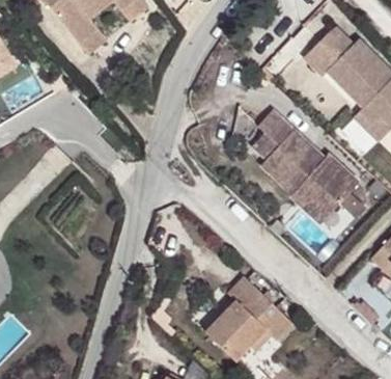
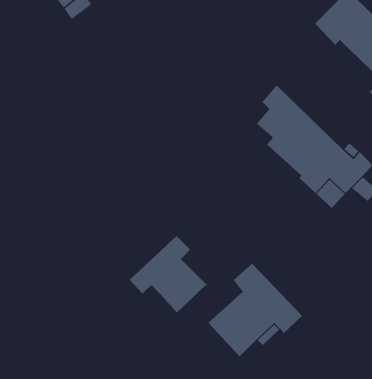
building: none -> [129,235,207,313]

